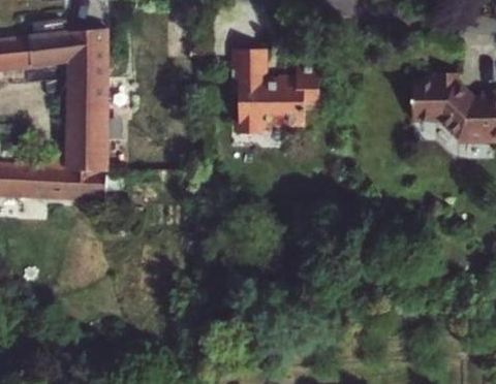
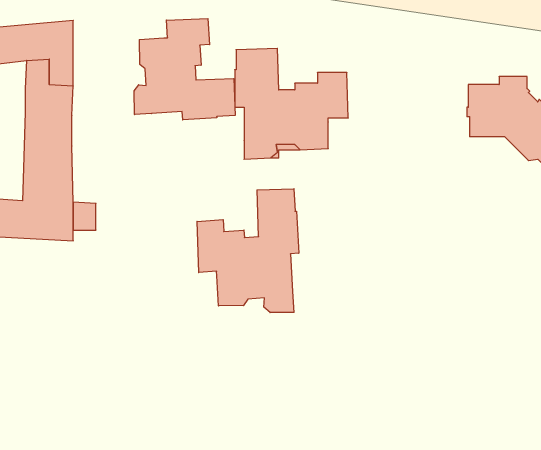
building: none -> [134,19,235,120]
building: none -> [197,189,299,313]

